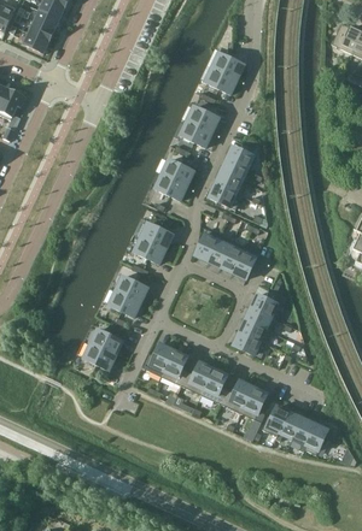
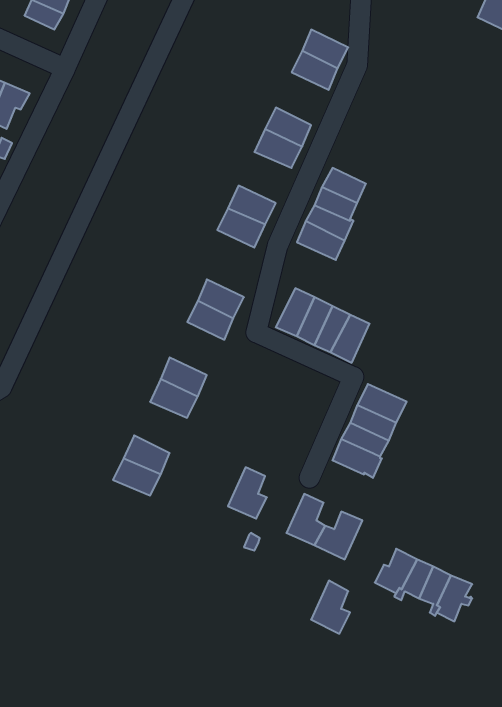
building: [141,342,174,376] -> none
building: [181,361,214,394] -> none
building: [241,385,268,421] -> [311,581,350,634]

